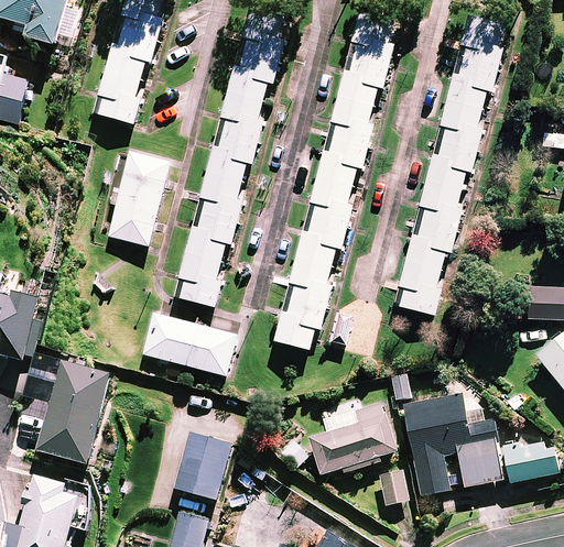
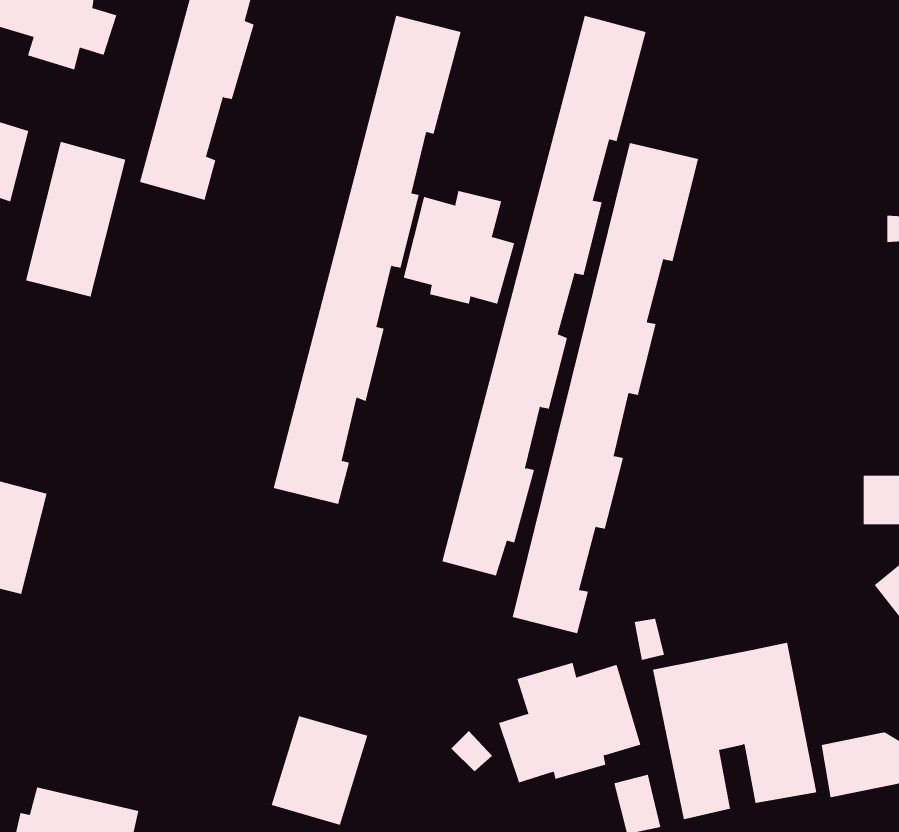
building: [394,20,507,315] -> [512,142,699,634]
building: none -> [403,190,515,305]
building: [108,152,169,245] -> [25,141,126,297]
building: [142,314,236,375] -> none
building: [34,352,112,462] -> none

